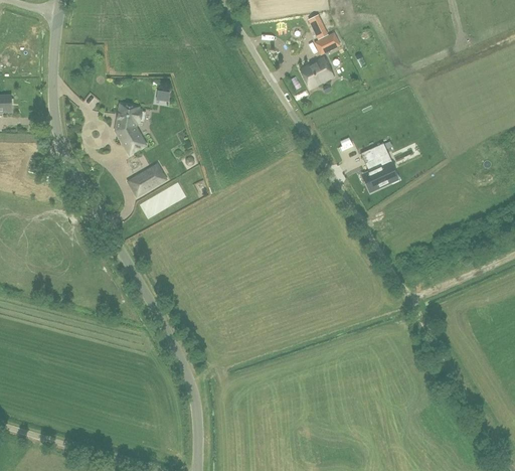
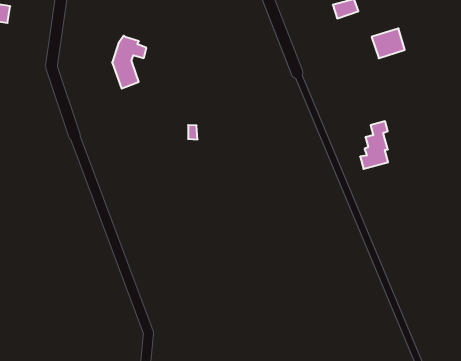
building: [300,55,333,87] -> [372,28,405,58]
building: [129,163,165,193] -> none

